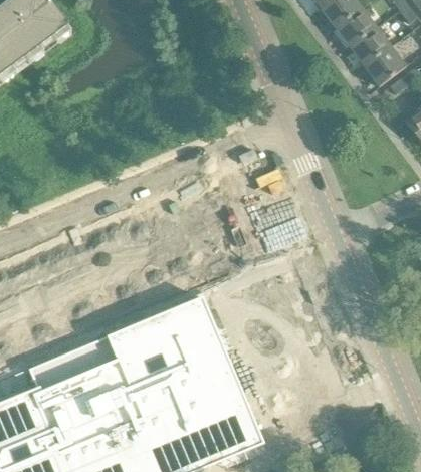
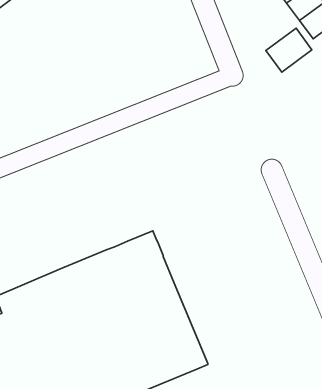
building: none -> [266,28,312,72]

